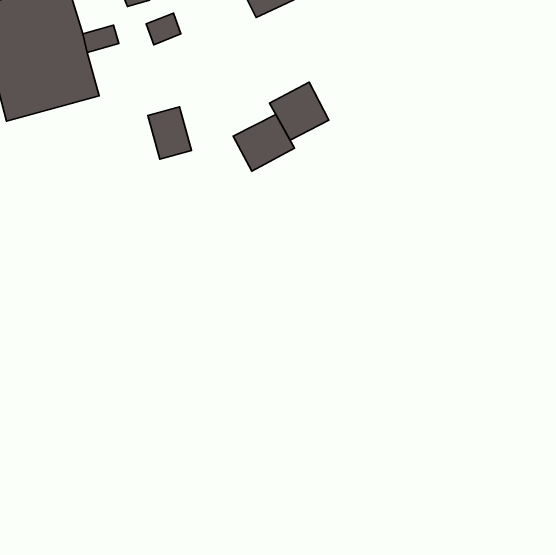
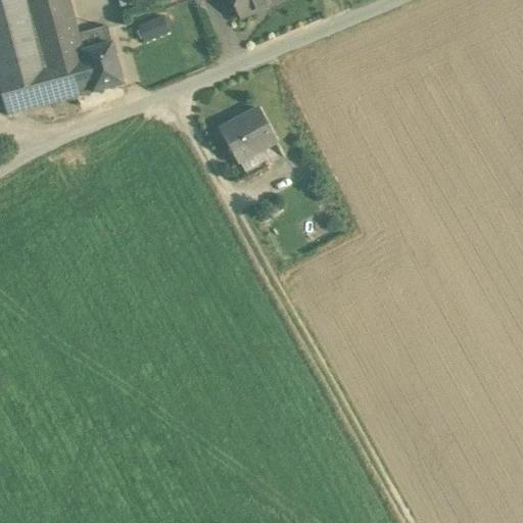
building: [270,82,329,140] -> none
building: [148,107,192,159] -> [82,41,123,90]

